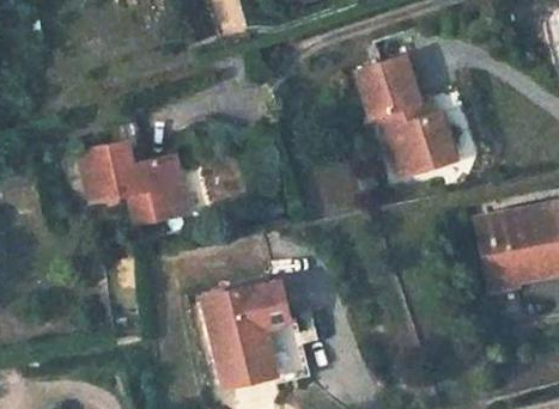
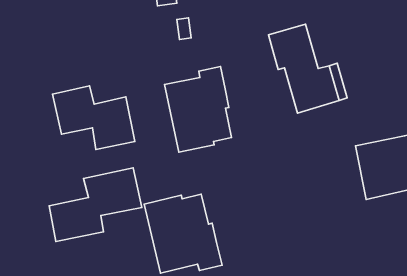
building: none -> [164,67,232,152]
building: none -> [49,168,142,242]

